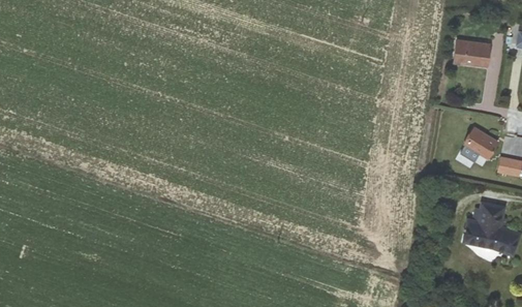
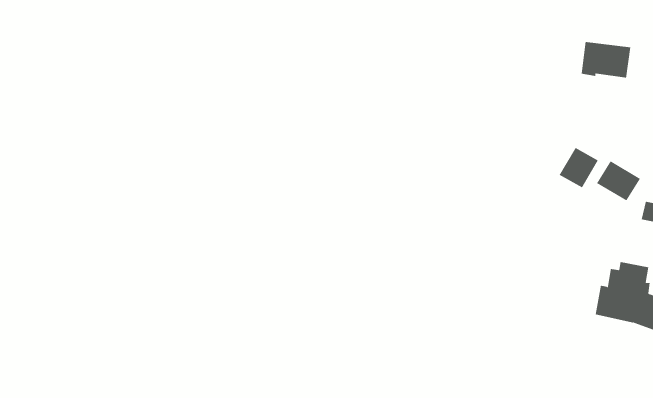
building: none -> [559,147,599,188]

